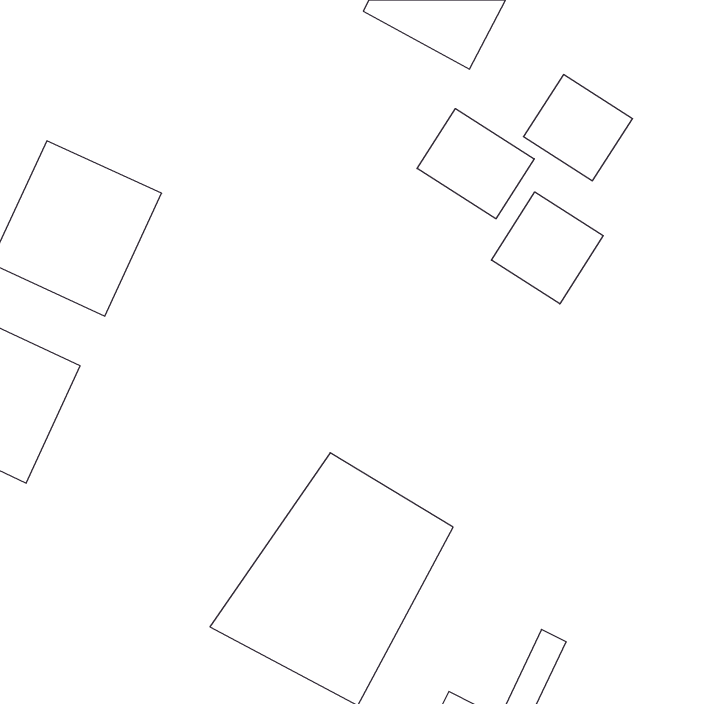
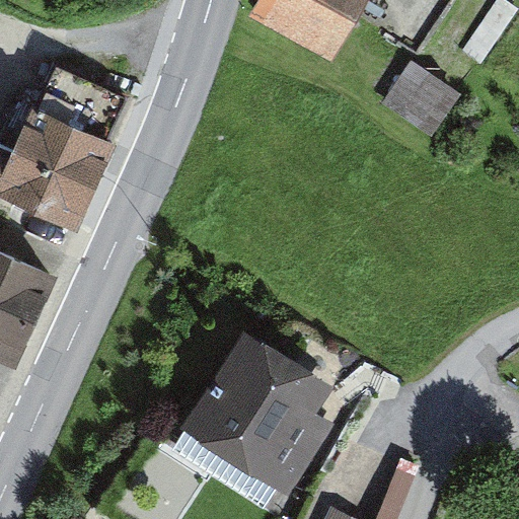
building: [417,109,534,219] -> none
building: [491,192,603,304] -> none

